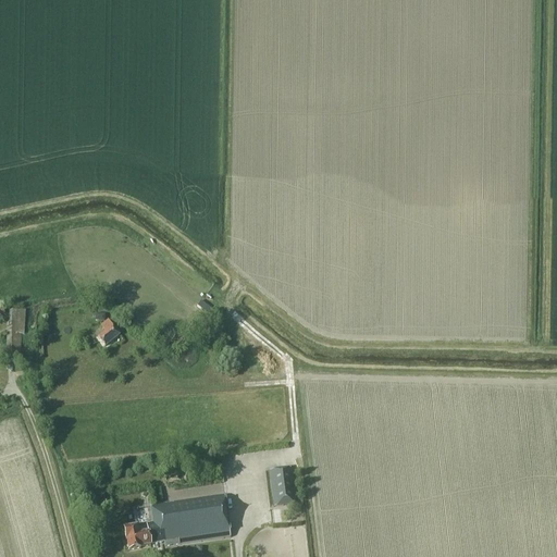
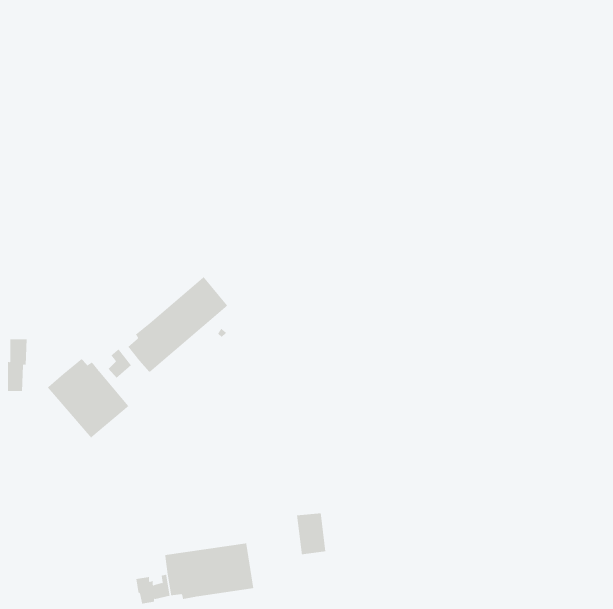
building: none -> [127,276,228,373]
building: none -> [47,358,130,439]

